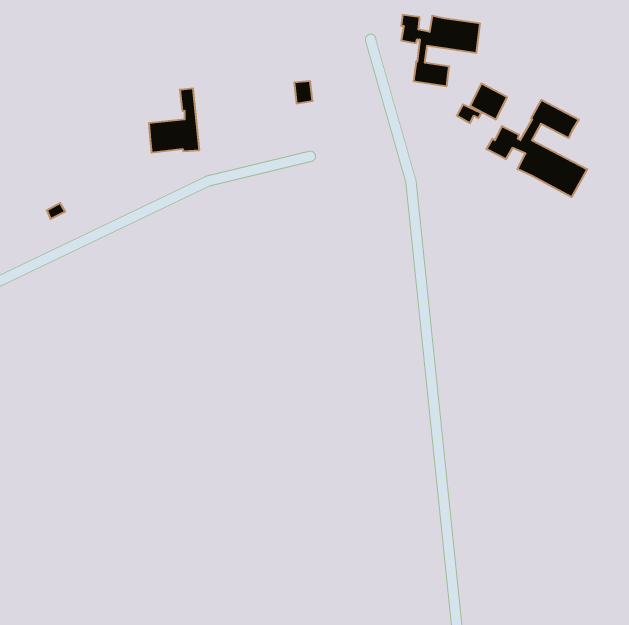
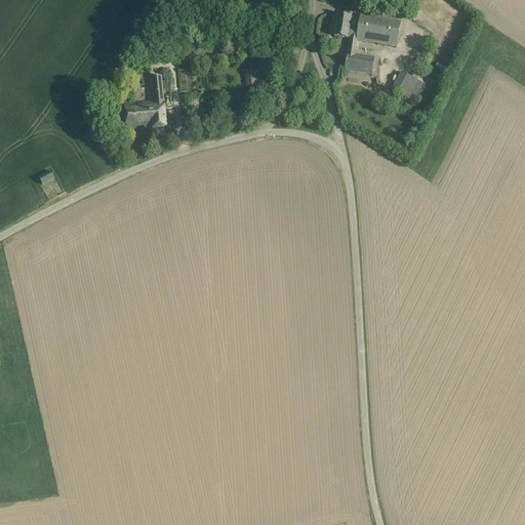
building: [486,100,587,197] -> none

